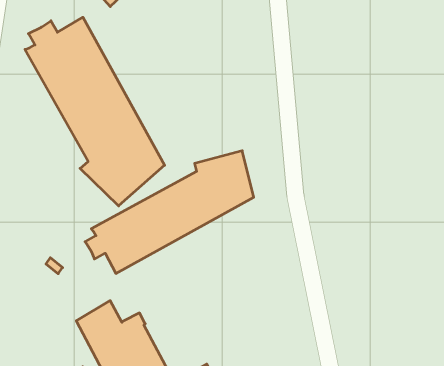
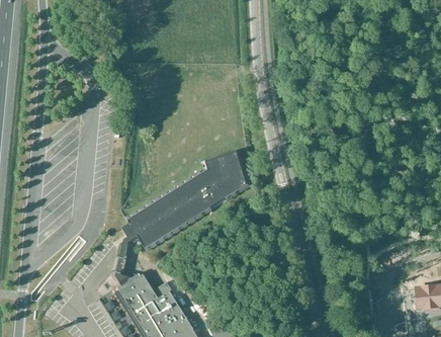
building: [25,17,165,206] -> none

